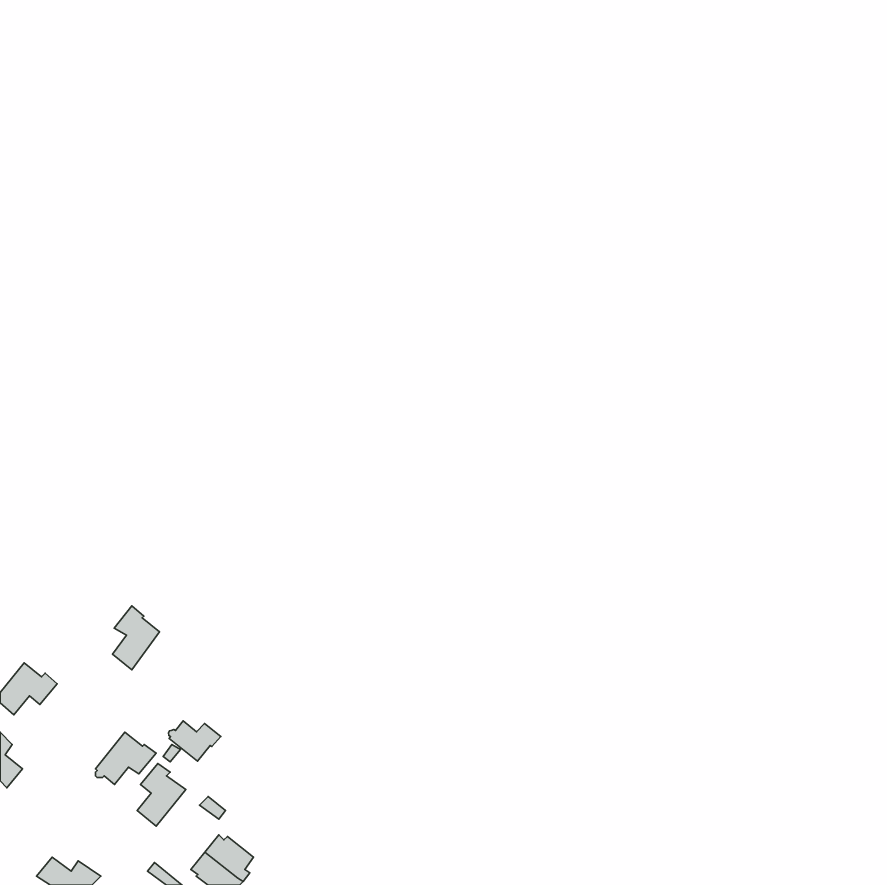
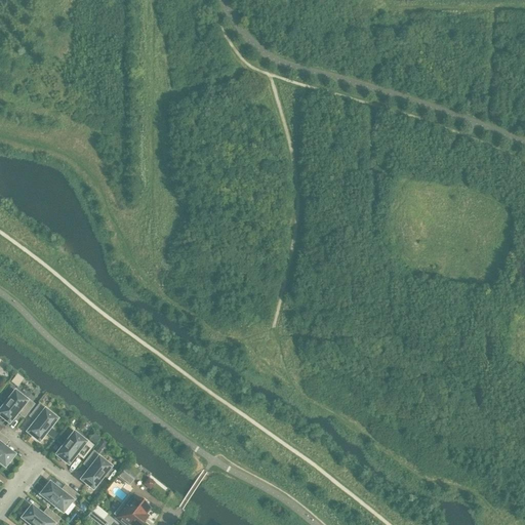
building: [113,606,159,670] -> [28,403,55,441]
building: [168,721,221,761] -> none
building: none -> [40,483,78,512]

